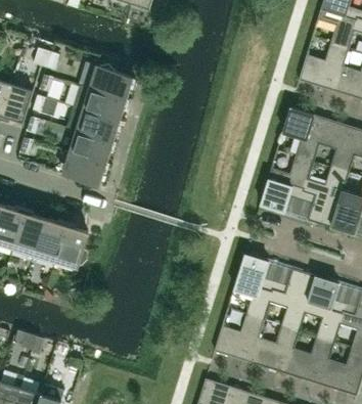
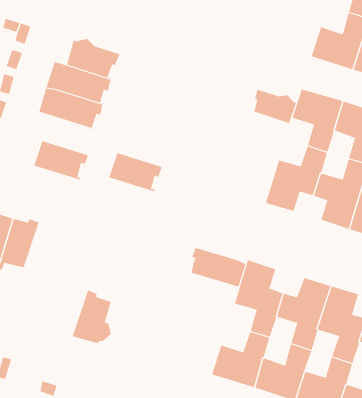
building: none -> [250,89,297,124]
building: [70,130,116,164] -> [108,152,163,192]
building: [54,221,88,267] -> [72,290,112,344]
building: none -> [187,247,246,287]

